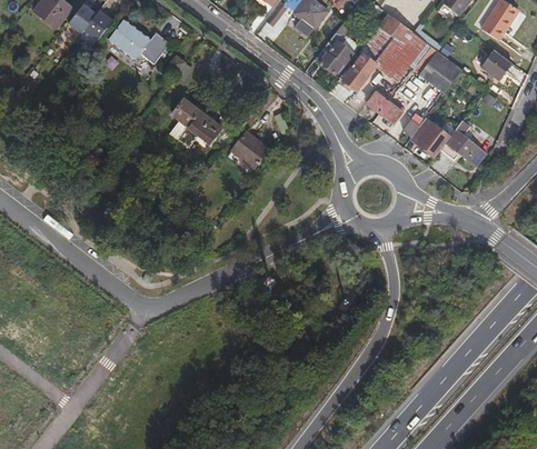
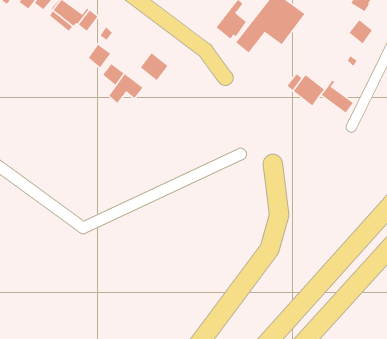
building: [419,46,461,91] -> none
building: none -> [88,44,111,69]
building: [367,92,401,123] -> none
building: [235,134,270,170] -> [140,52,169,81]

